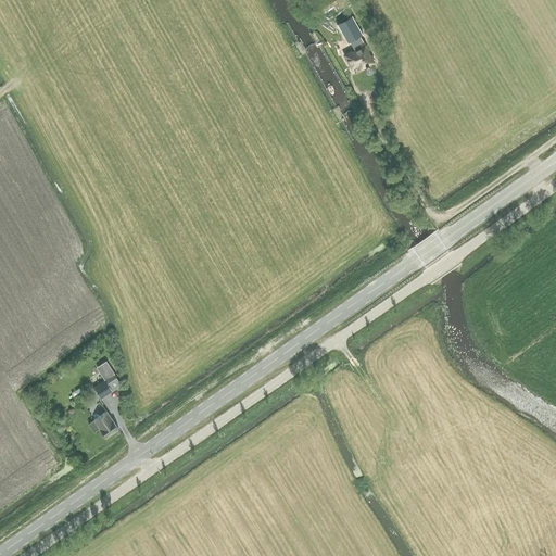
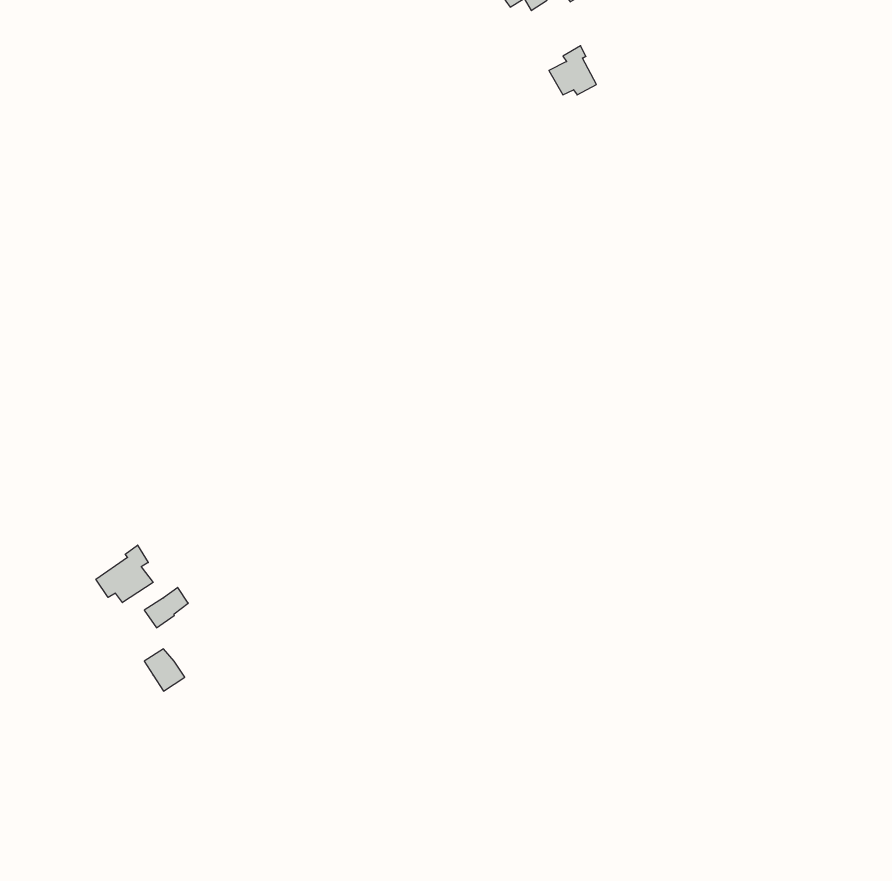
building: none -> [96,545,153,603]

